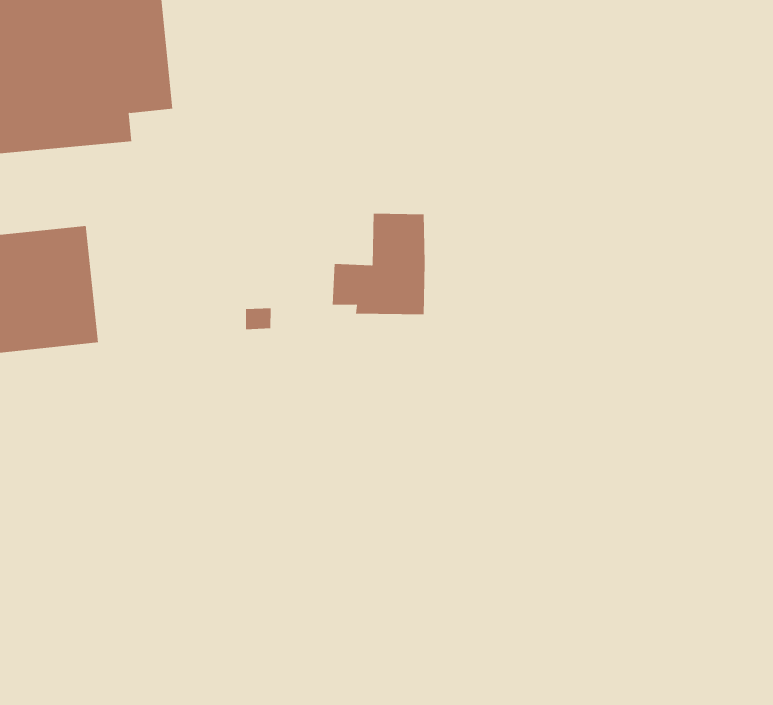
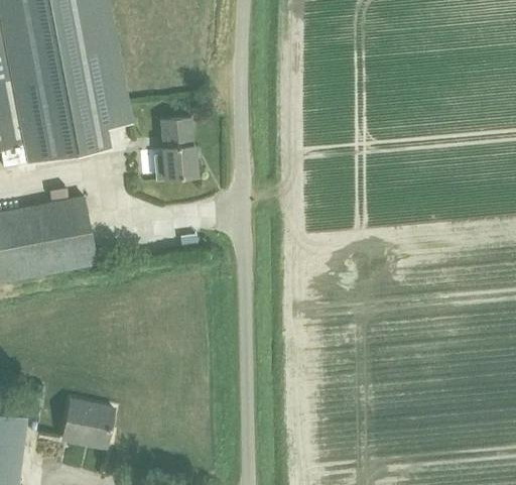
building: [332,213,426,315] -> [140,119,196,180]
building: none -> [63,399,114,444]

